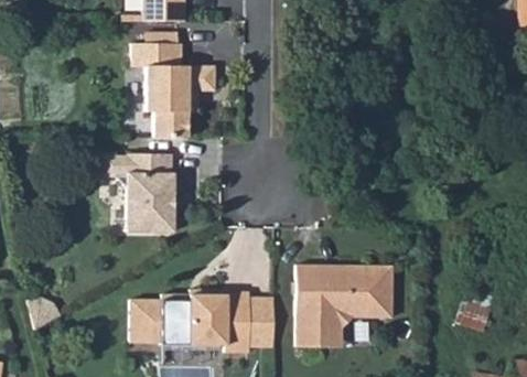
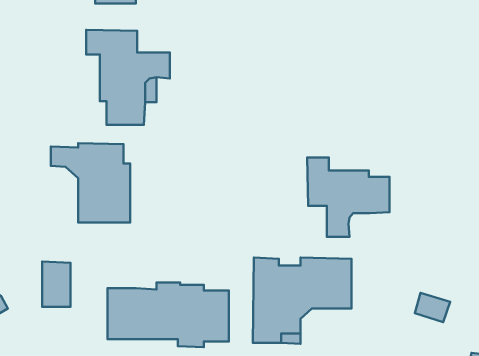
building: none -> [307,158,390,237]
building: [128,298,155,342] -> [42,262,71,307]

